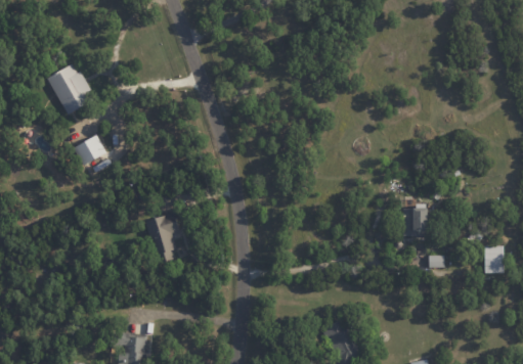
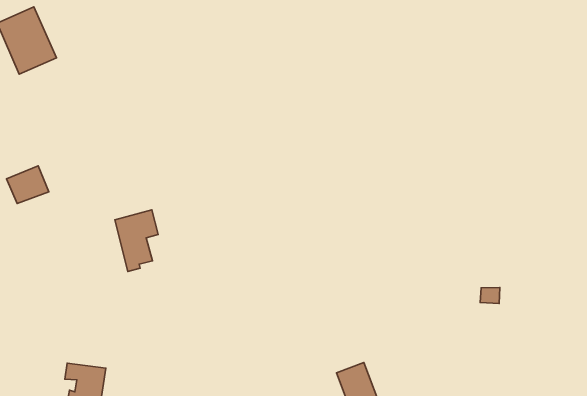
building: [75,135,107,165] -> [7,166,49,203]
building: [403,203,429,236] -> none
building: [485,245,505,273] -> none

